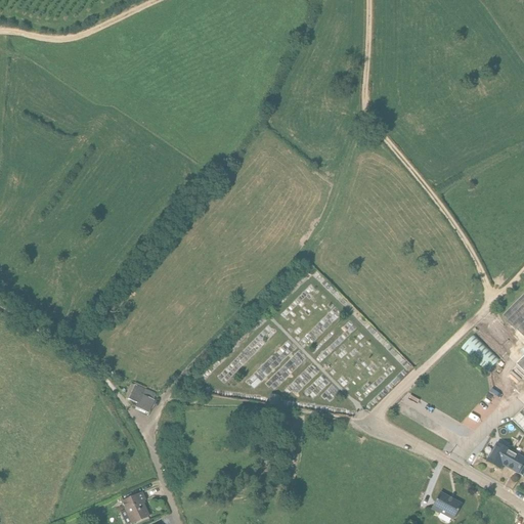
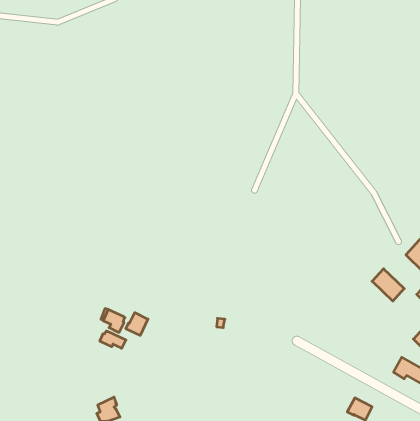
building: none -> [126,313,148,335]
building: none -> [100,331,126,348]

